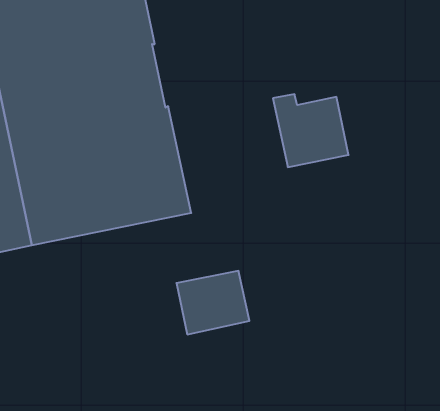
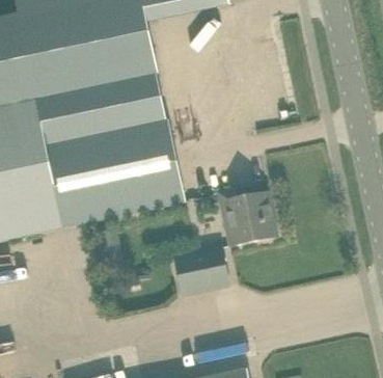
building: [273,94,349,167] -> [217,188,275,244]

